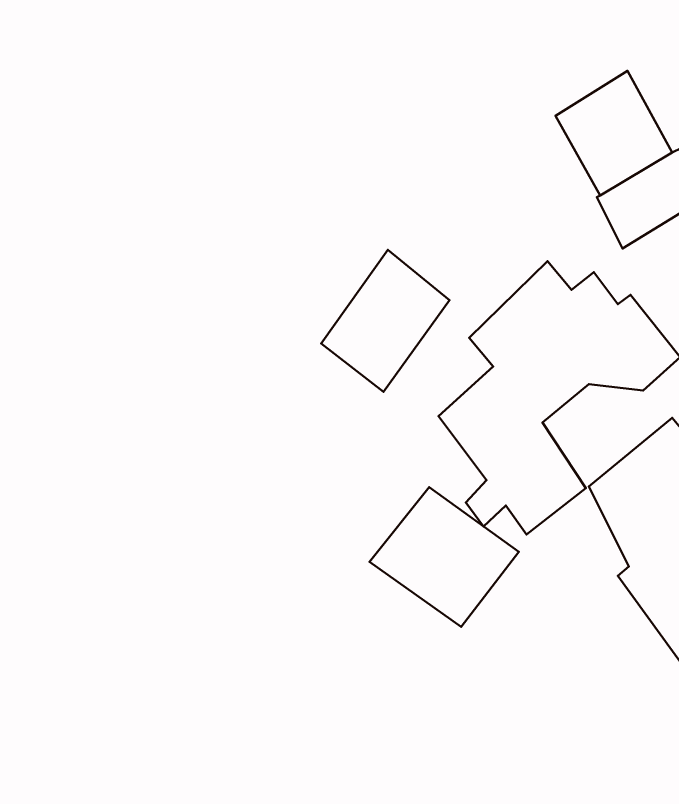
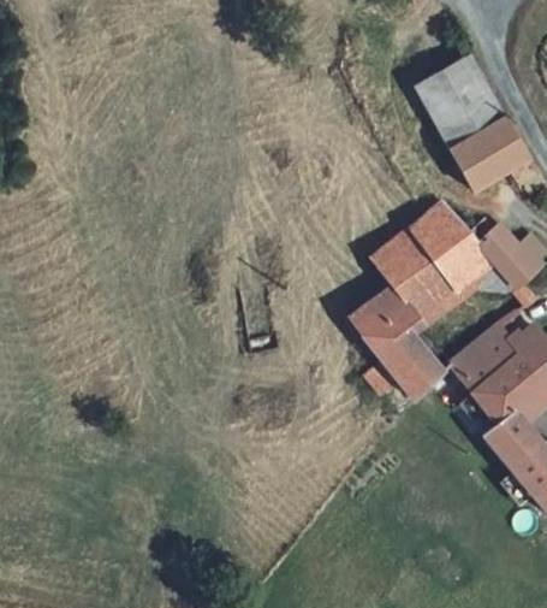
building: [321,250,449,392] -> none
building: [370,487,519,627] -> none

